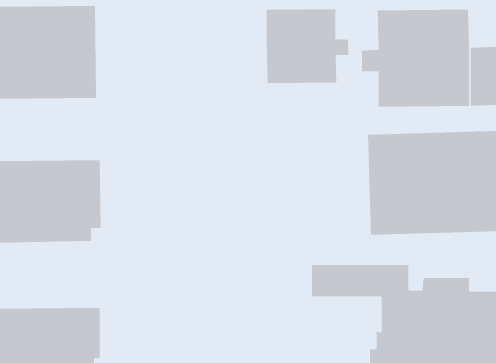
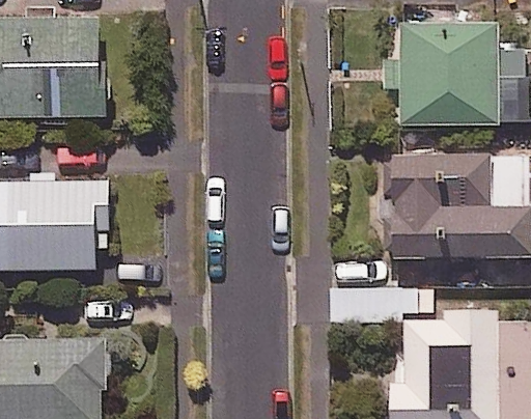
building: [266,8,349,84] -> none

